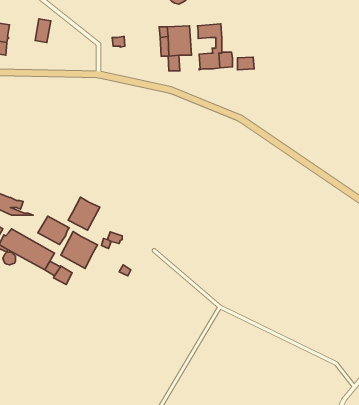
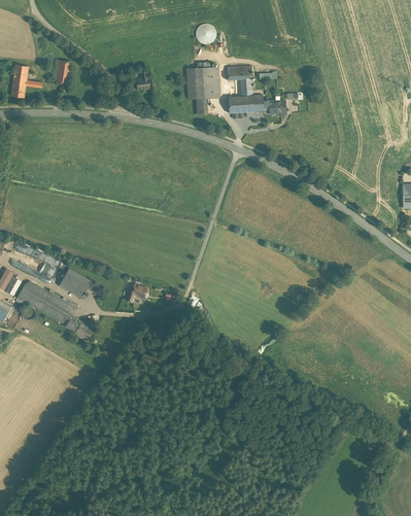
building: [68,197,100,230] -> none
building: [61,232,98,269] -> none

